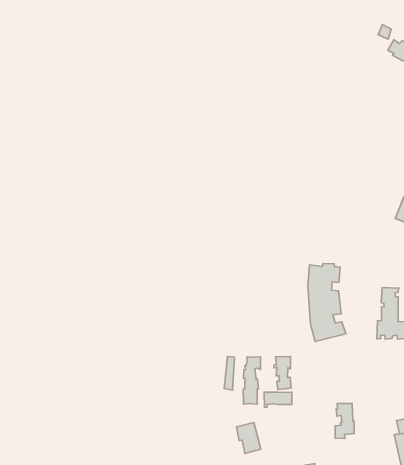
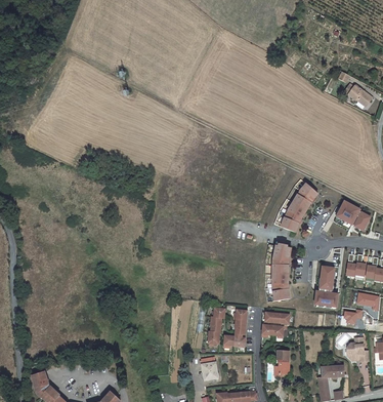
building: none -> [274,178,318,232]
building: none -> [262,312,290,335]

